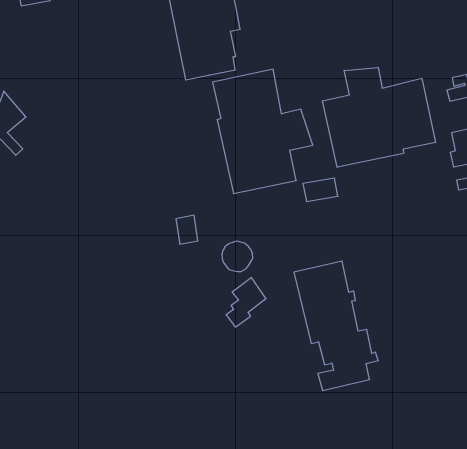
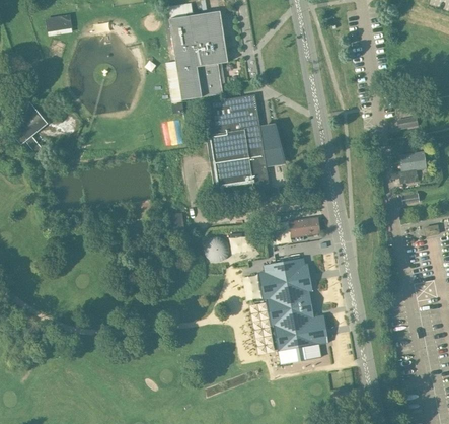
building: [322,67,436,167] -> none
building: [303,178,338,202] -> [290,218,318,236]
building: [226,277,266,327] -> none

